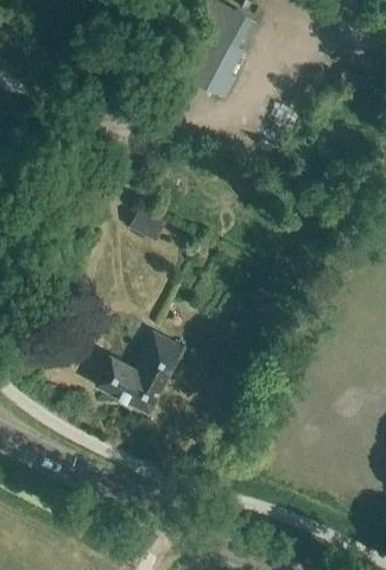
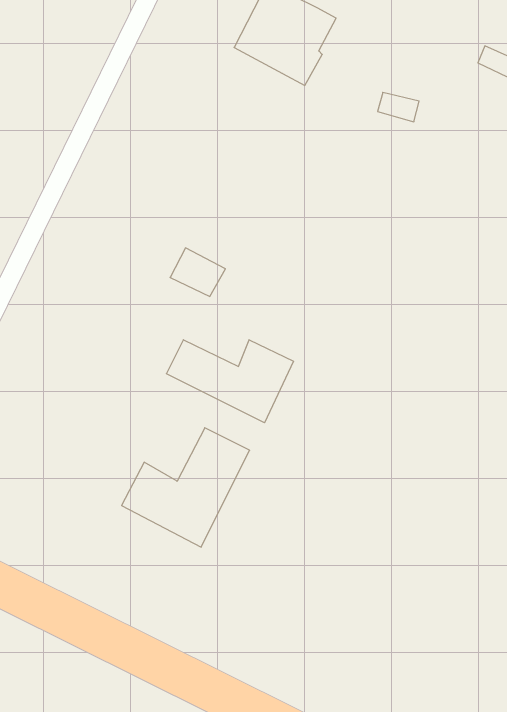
building: none -> [166,340,294,423]

